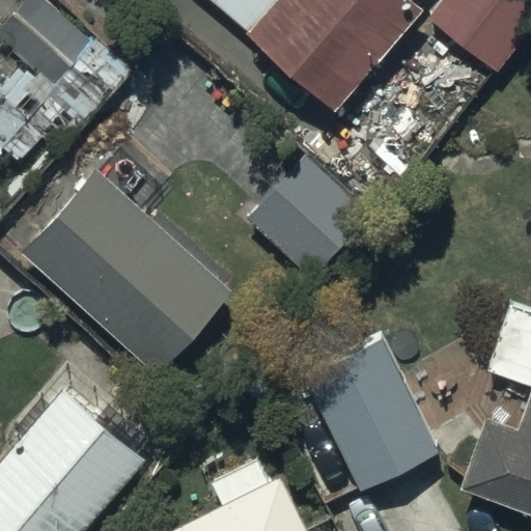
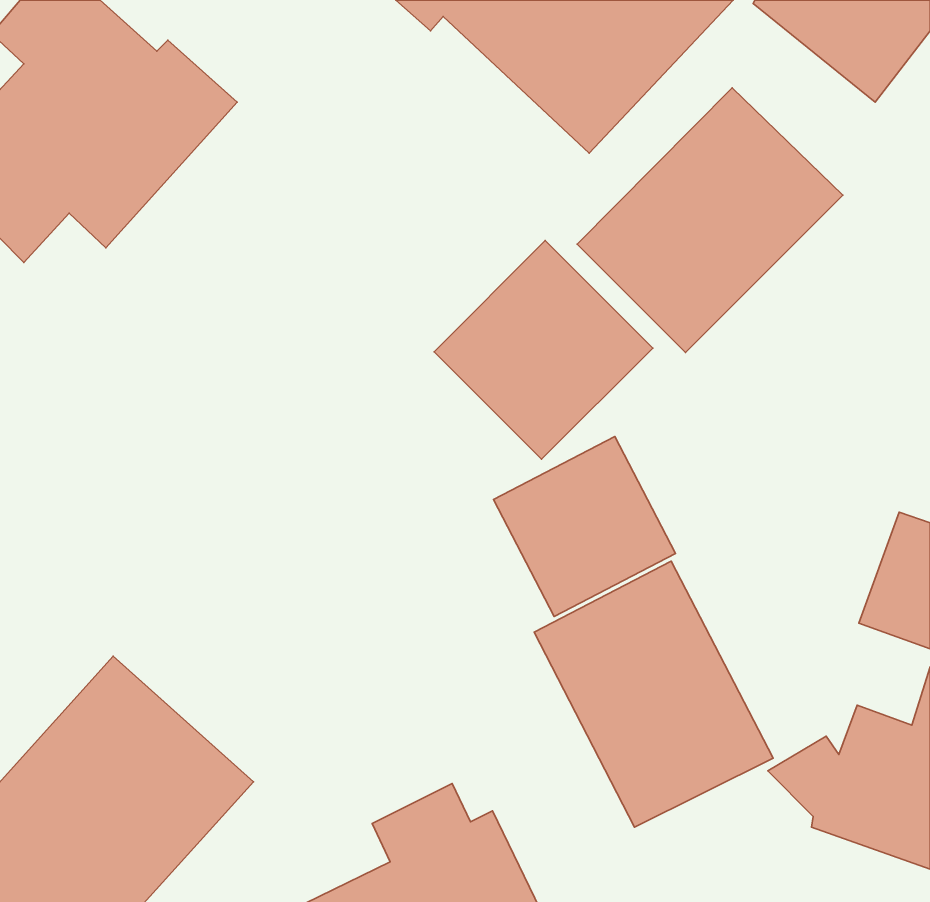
building: none -> [577,88,843,352]
building: [23,171,230,372] -> none
building: none -> [493,437,676,617]

